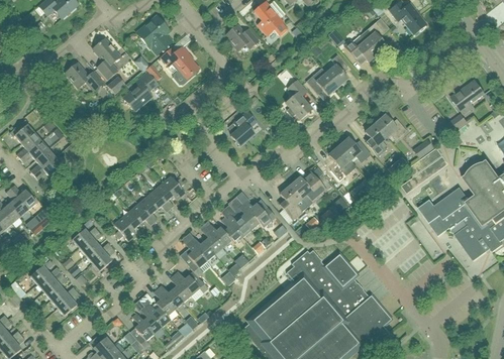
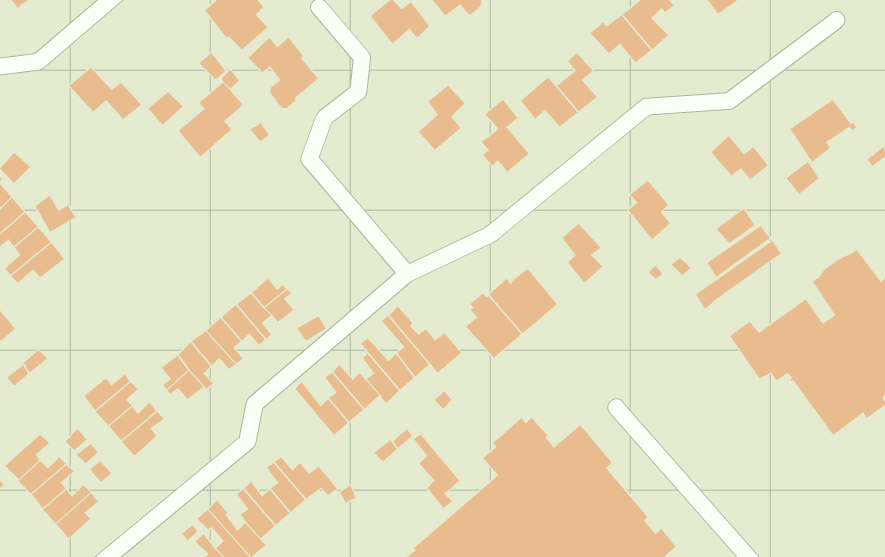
building: [93,38,120,79] -> none
building: [231,110,257,145] -> [418,85,465,151]
building: [376,114,407,138] -> [710,135,769,180]
building: [338,137,371,161] -> none
building: [182,235,207,275] -> [413,434,460,509]

